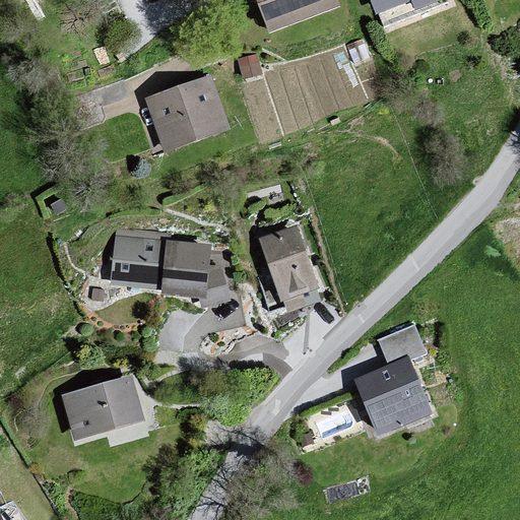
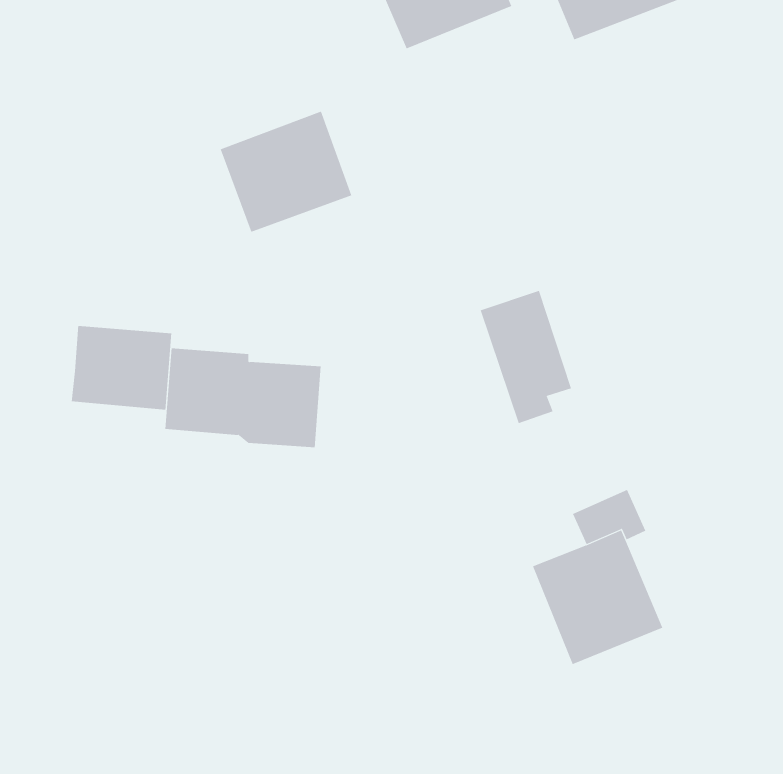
building: none -> [71,325,172,410]
building: [257,223,318,312] -> [480,290,572,424]
building: [59,374,146,443] -> none

